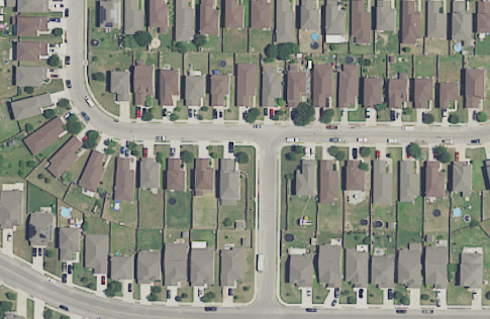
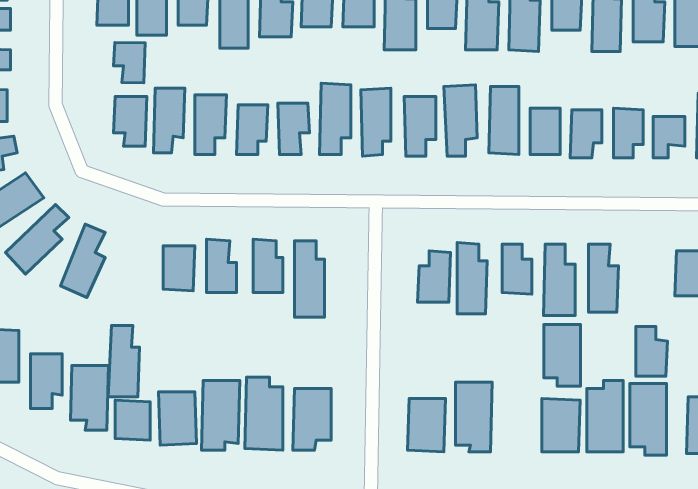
building: none -> [113,43,145,83]
building: [115,157,134,201] -> [108,326,140,397]
building: [426,167,446,197] -> [636,326,667,376]
building: [346,249,368,287] -> [544,325,580,386]

